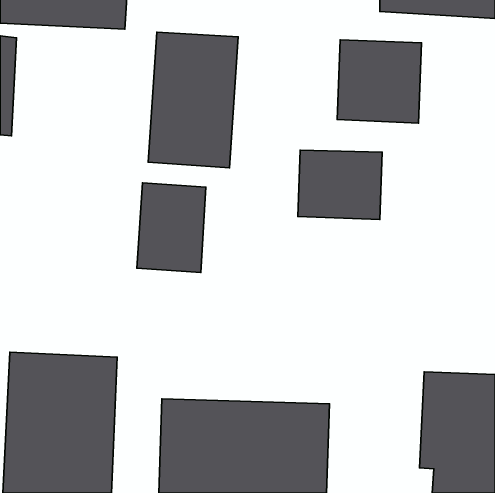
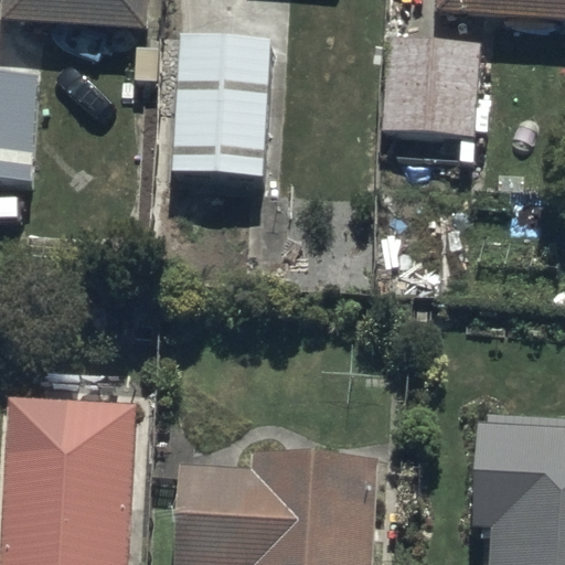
building: [298,150,382,219] -> none
building: [137,183,206,272] -> none

